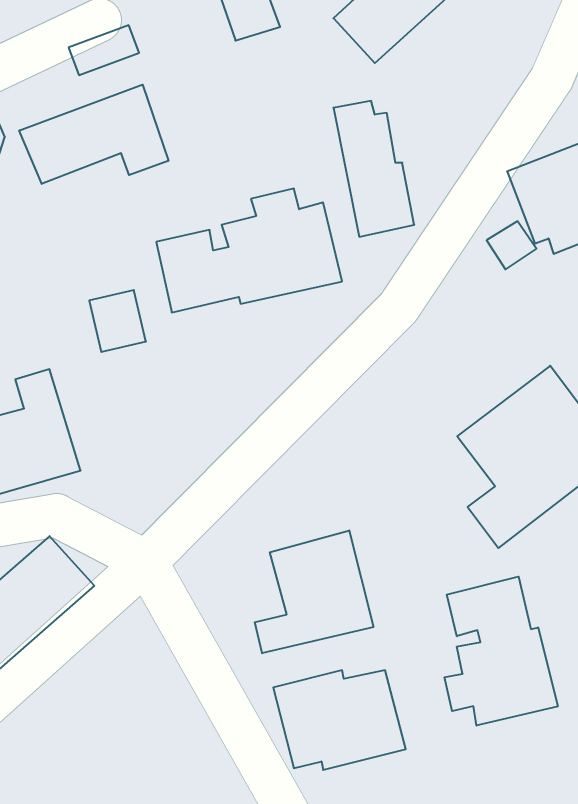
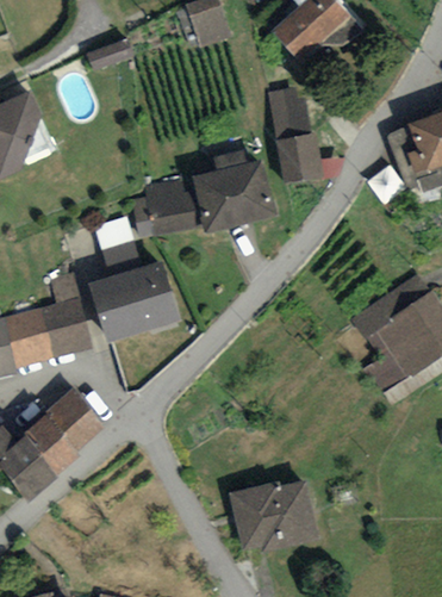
building: [19,85,168,184] -> none
building: none -> [88,260,178,338]
building: [255,530,373,653] -> none
building: [445,577,558,726] -> none

